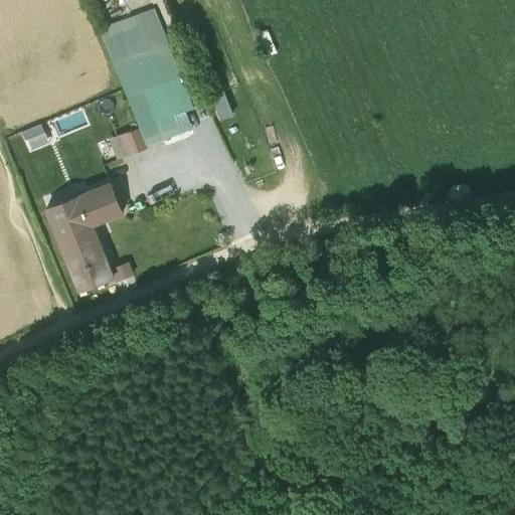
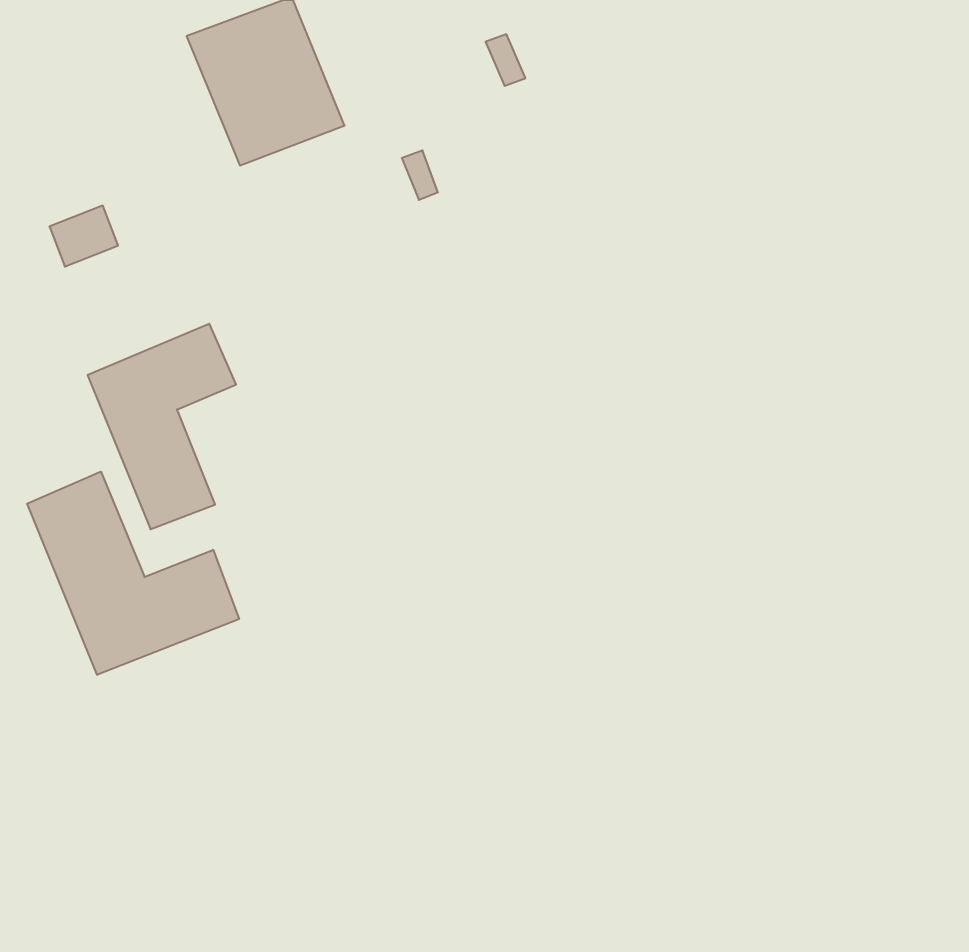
building: [110,77,194,160] -> none
building: none -> [27,472,239,675]

